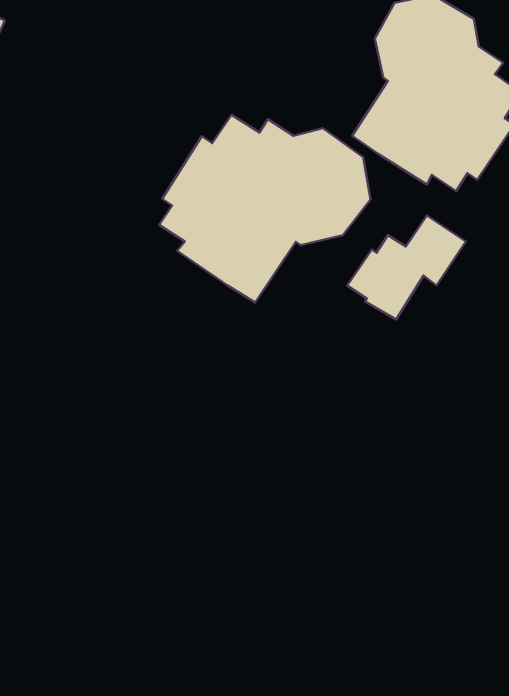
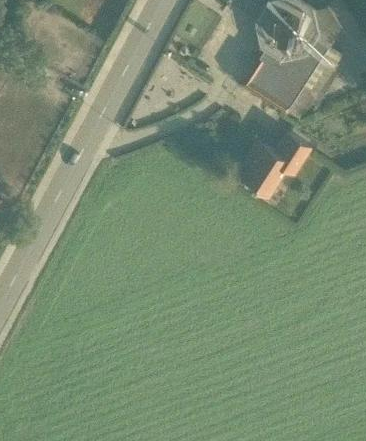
building: [159,115,371,303] -> none

